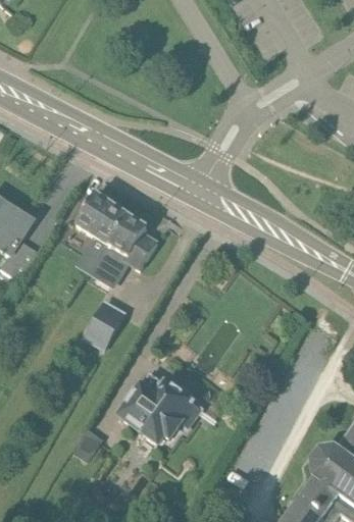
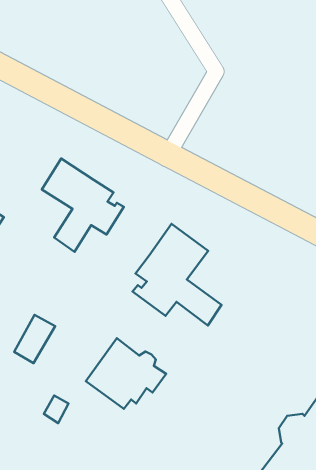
building: none -> [133,224,222,325]
building: [84,301,124,349] -> [14,315,55,363]

